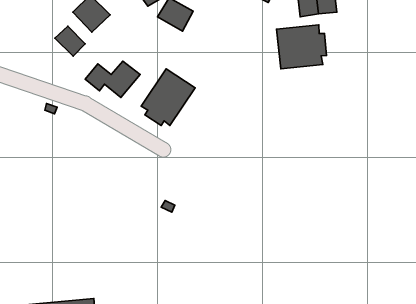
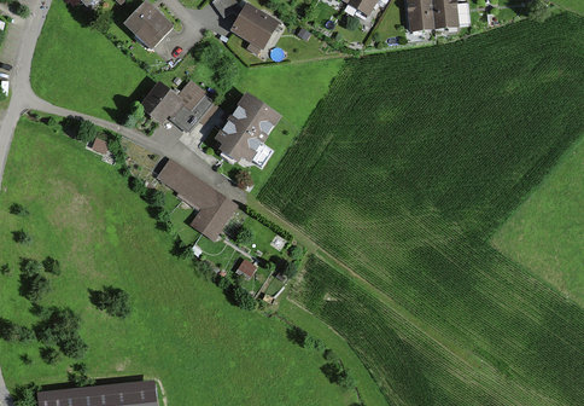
building: [277,25,327,69] -> none
building: [55,26,85,56] -> none
building: none -> [157,160,235,234]

